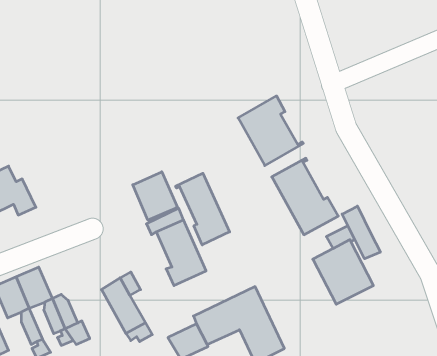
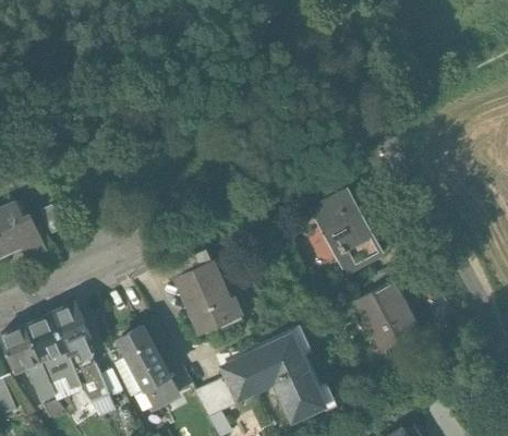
building: [238,96,303,166] -> none
building: [133,172,178,220] -> none
building: [176,173,230,245] -> none
building: [342,206,380,259] -> none
building: none -> [50,302,92,349]

